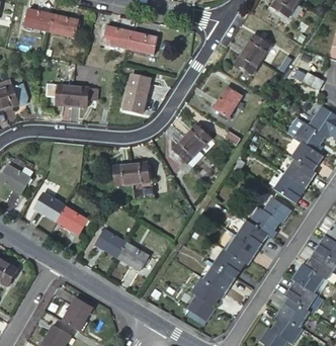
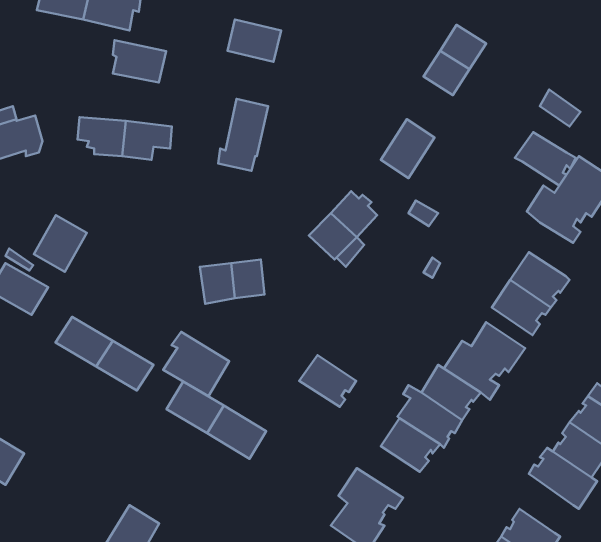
building: [103,24,133,48] -> [113,40,166,83]
building: none -> [34,215,87,272]
building: [289,142,323,171] -> [515,132,576,186]
building: none -> [163,332,229,396]
building: [202,264,234,292] -> [299,355,356,407]
building: [285,281,318,312] -> none

